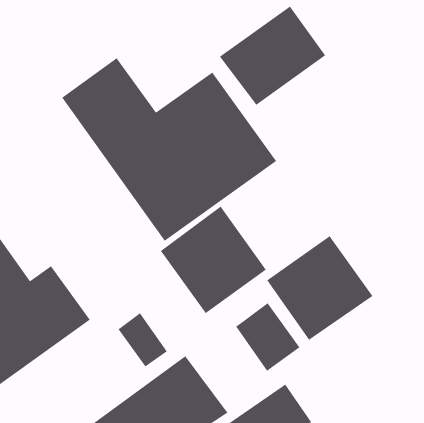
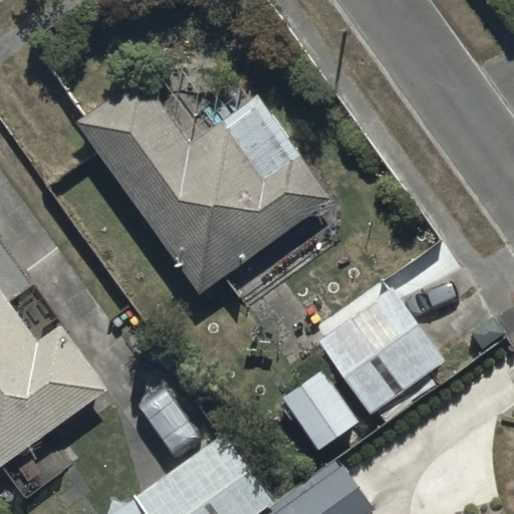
building: [219,5,326,106] -> none
building: [160,205,267,314] -> none

